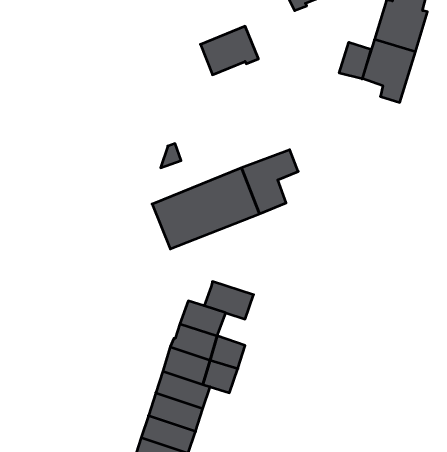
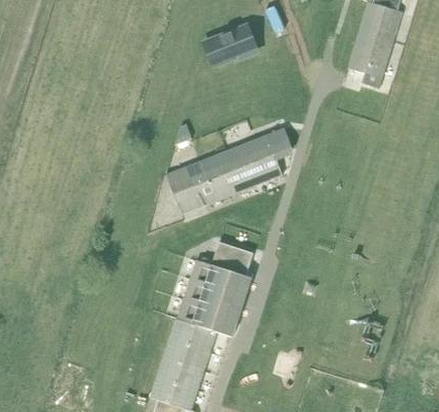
building: [339,42,371,79] -> none
building: none -> [222,268,252,296]

